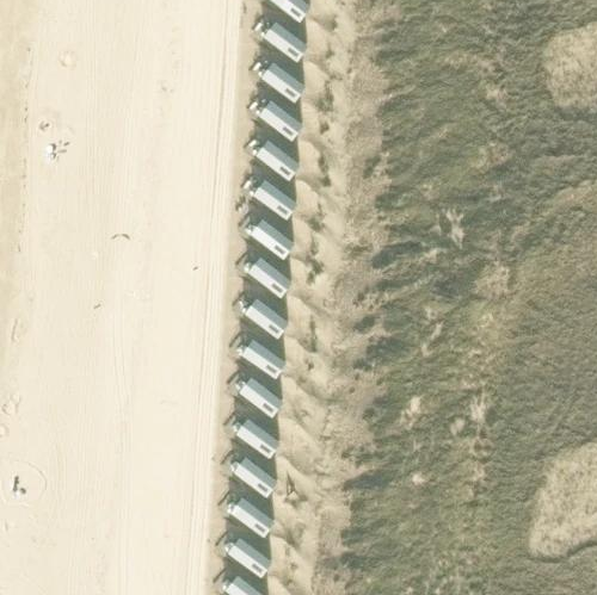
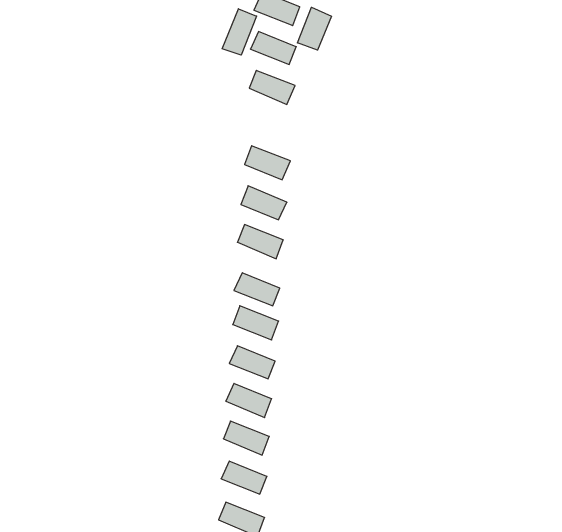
building: none -> [297,7,332,50]
building: none -> [222,9,257,55]
building: [253,141,300,175] -> none

